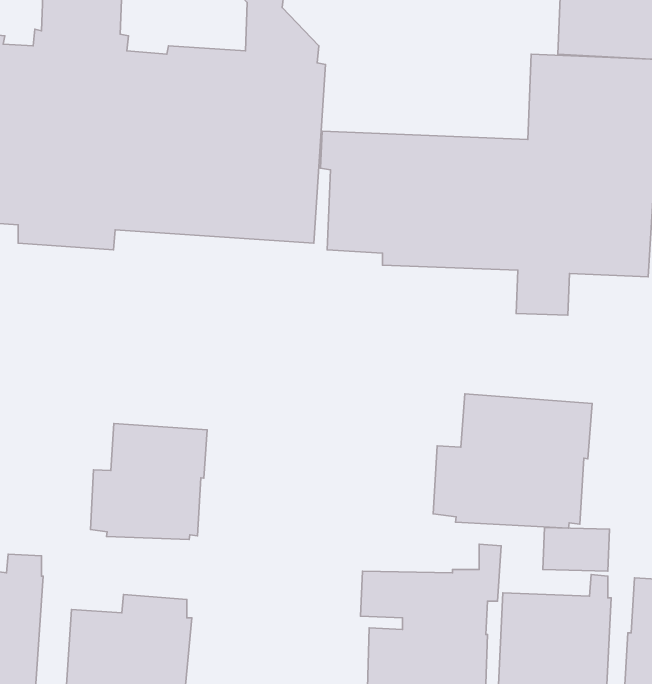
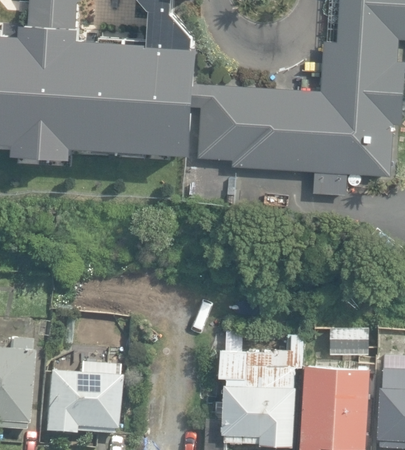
building: [433,394,592,528] -> none
building: [90,423,207,540] -> none

